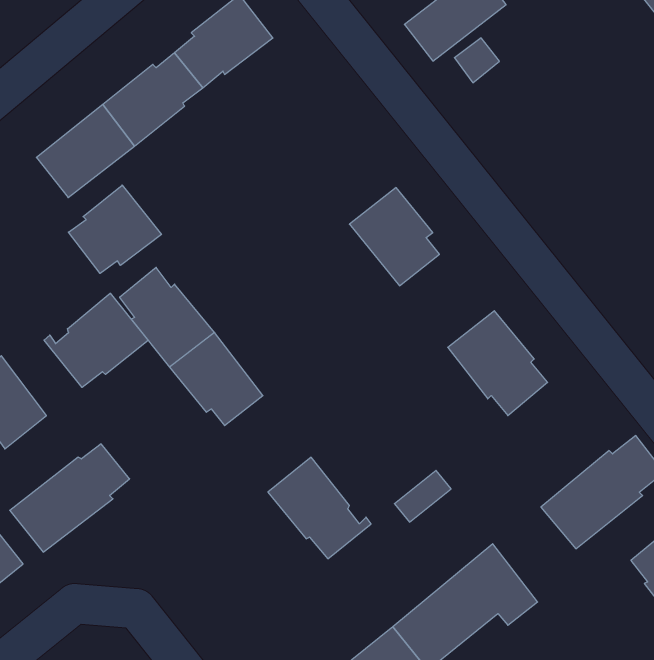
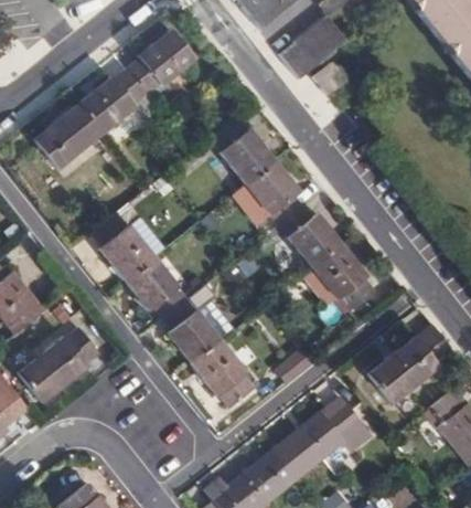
building: none -> [210,116,275,184]
building: [68,185,161,273] -> none
building: none -> [277,204,340,266]
building: [44,293,148,387] -> none
building: none -> [161,298,218,362]

